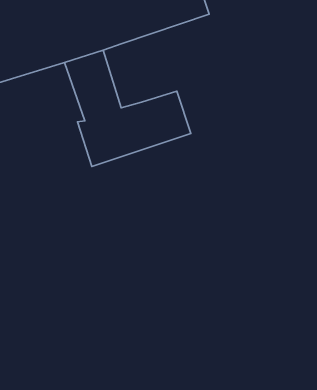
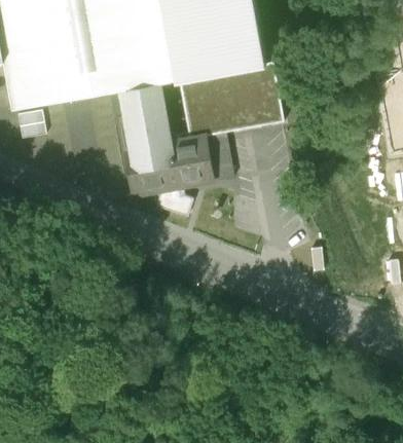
building: none -> [179,61,284,138]

